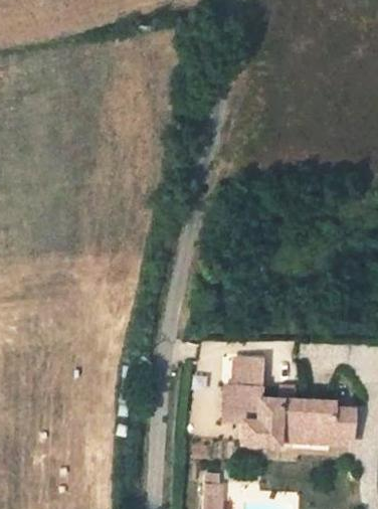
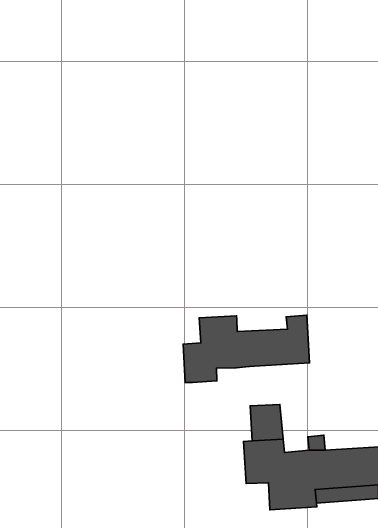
building: none -> [183,315,309,383]

